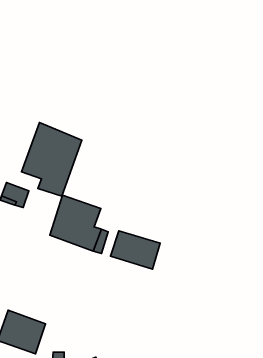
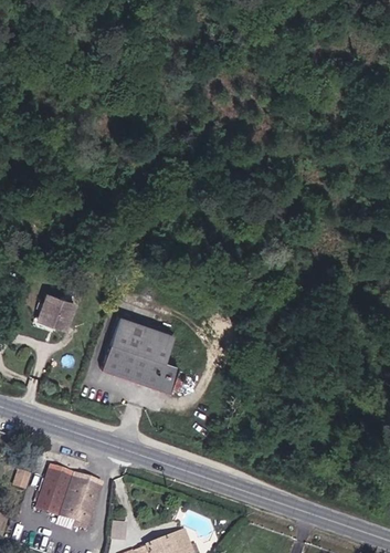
building: [21,123,82,196] -> none
building: [110,231,160,269] -> none

